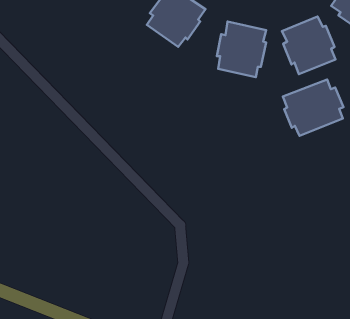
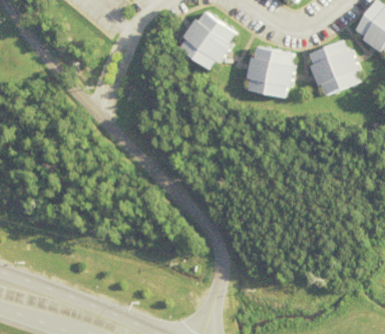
building: [283,79,343,136] -> none

